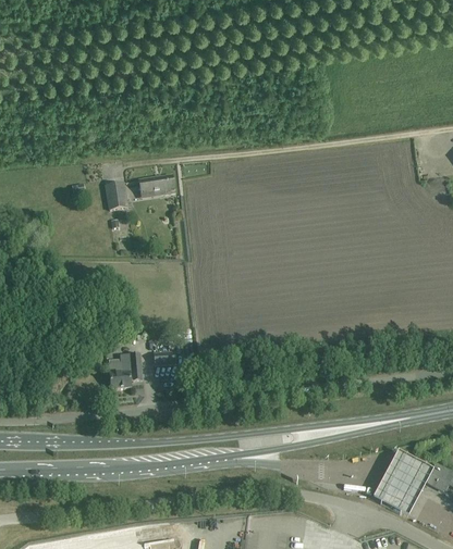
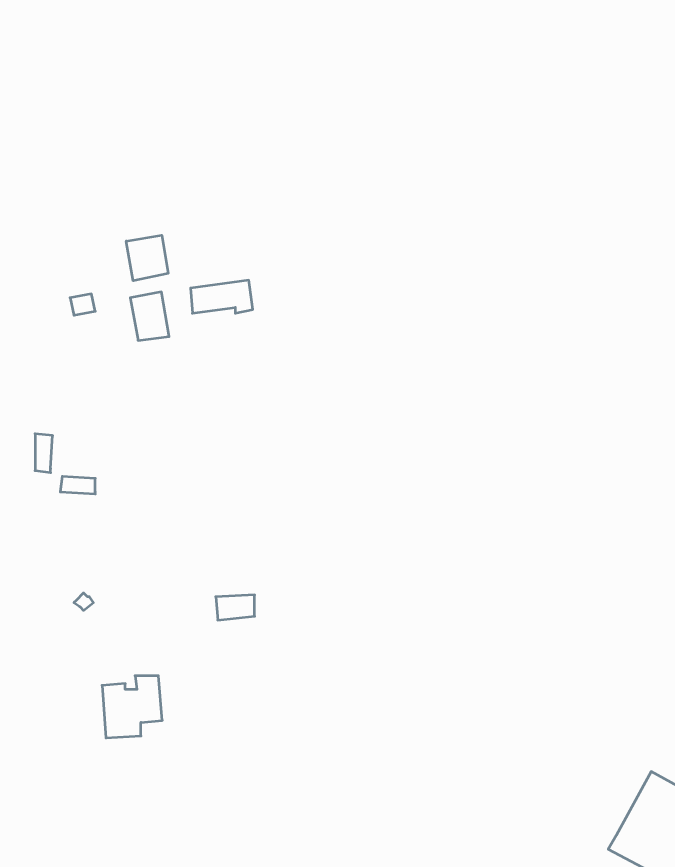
building: none -> [126,235,168,281]
building: [109,354,143,389] -> [102,676,162,738]

